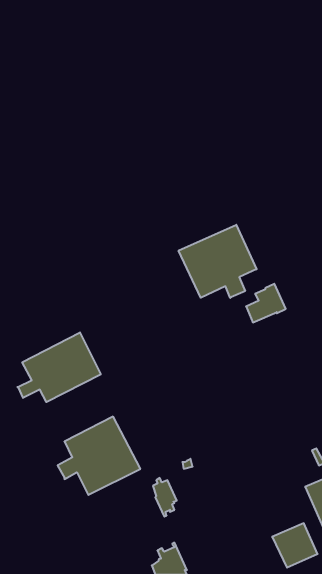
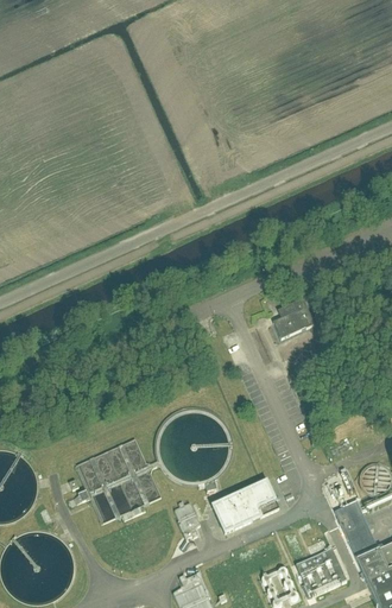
building: [179,225,257,298] -> none
building: [17,332,101,402] -> none
building: none -> [213,481,276,532]

